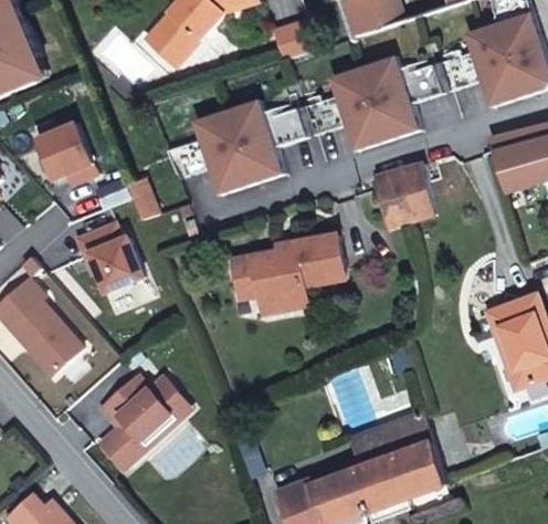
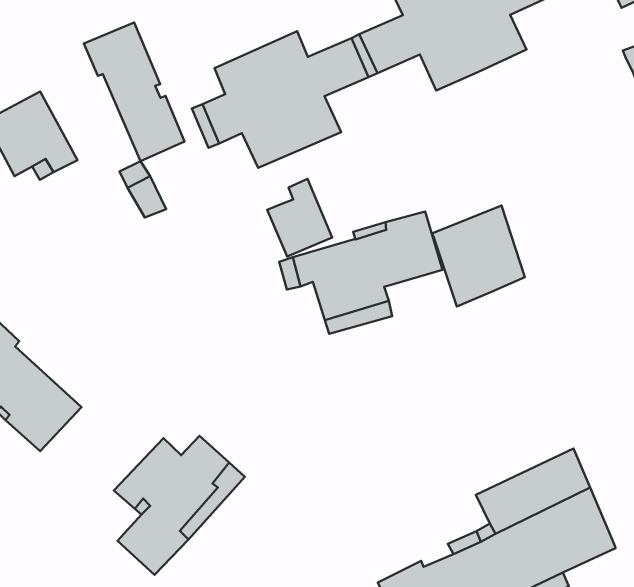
building: none -> [84,23,185,161]
building: [371,161,433,229] -> [432,206,525,307]
building: none -> [267,179,332,257]
building: [74,222,143,292] -> none

